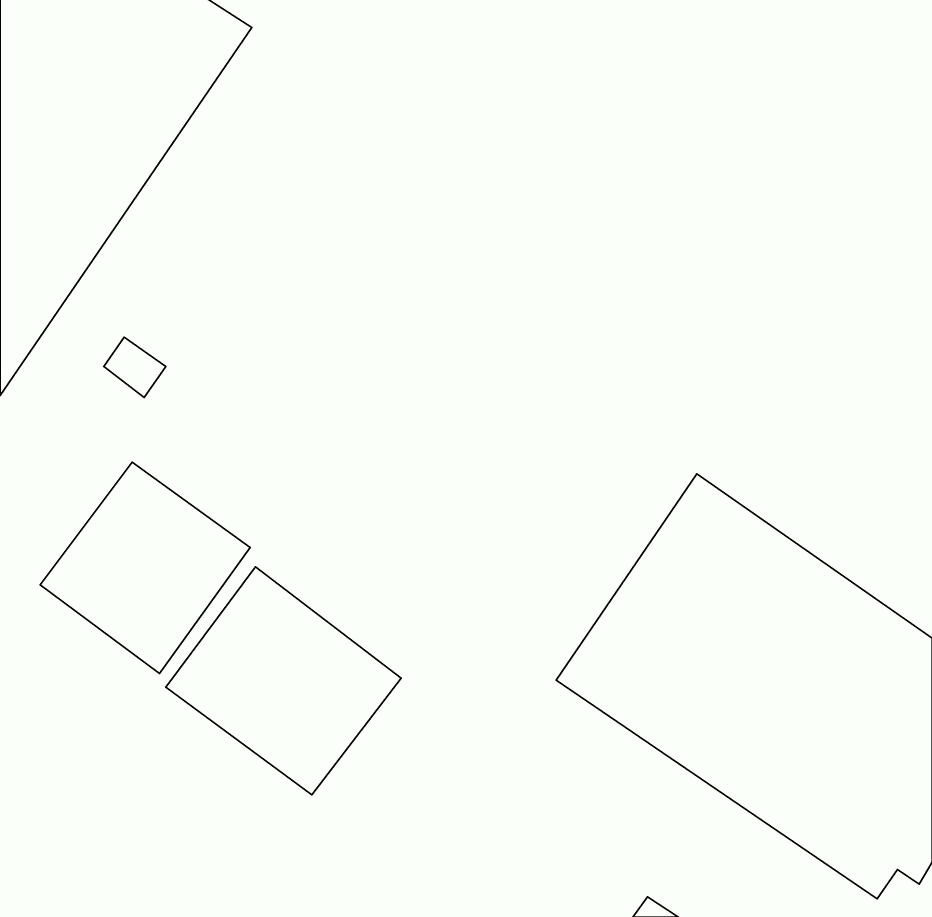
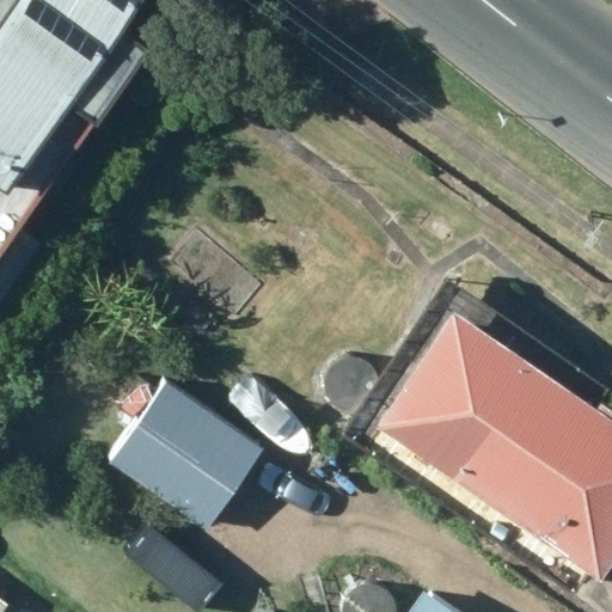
building: [40,462,250,673] -> none

